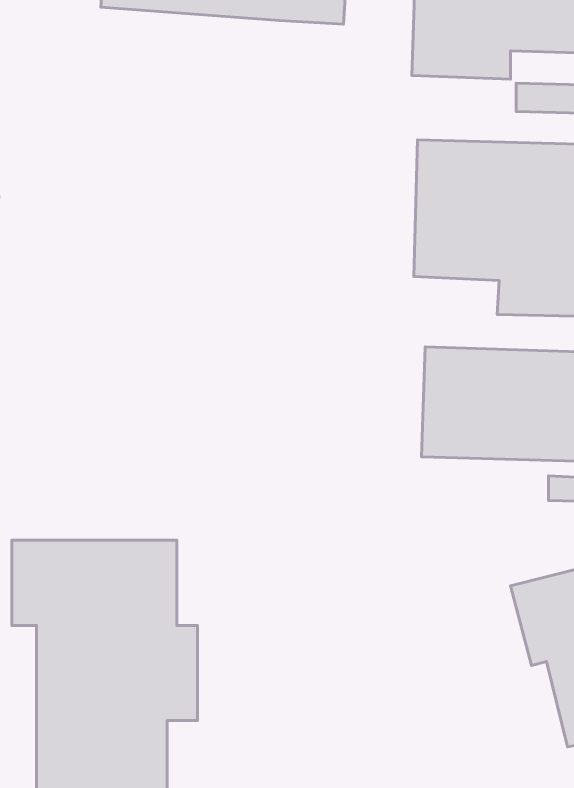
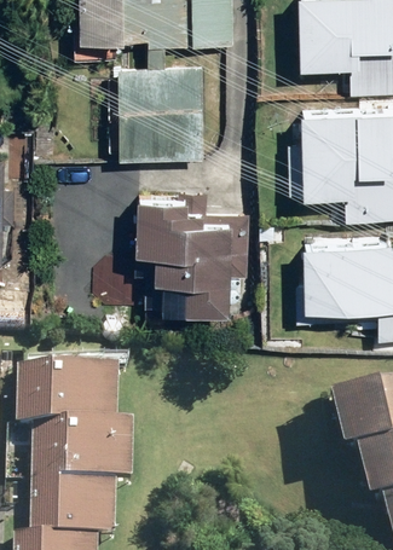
building: none -> [121,62,210,155]
building: none -> [119,198,244,323]

